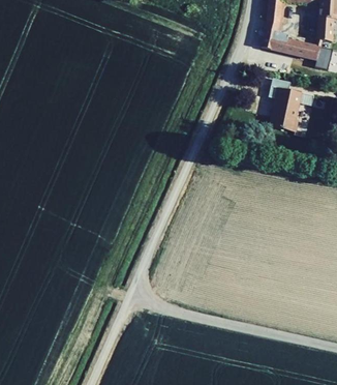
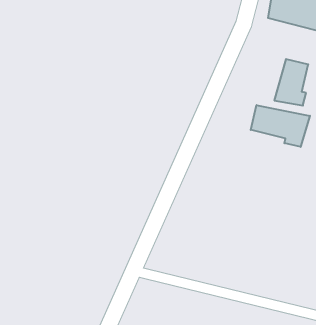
building: none -> [251,105,310,147]

